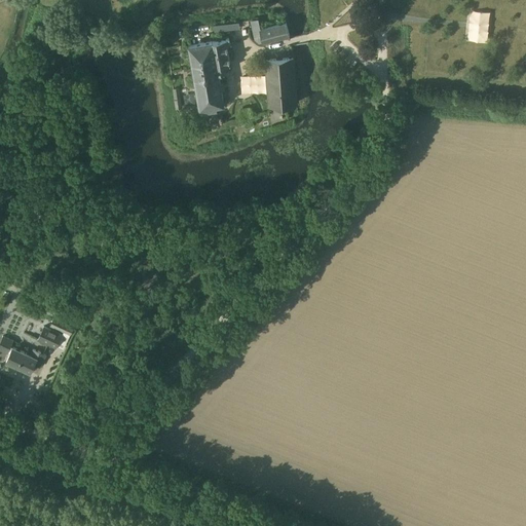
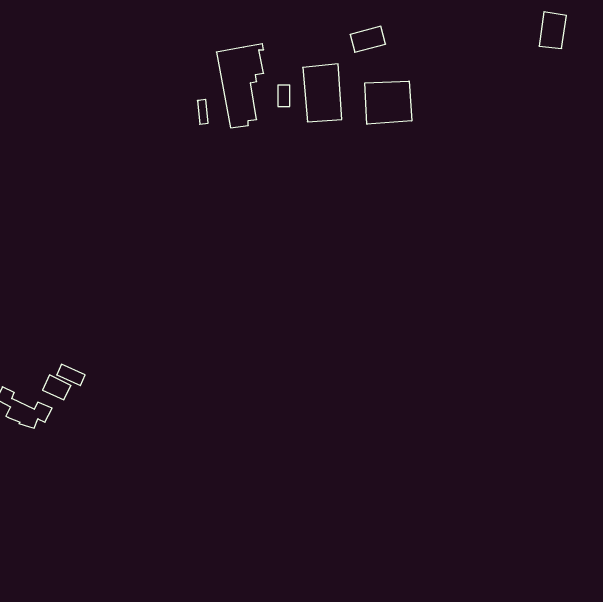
building: [258,24,289,46] -> [350,26,386,52]
building: none -> [365,81,412,124]

